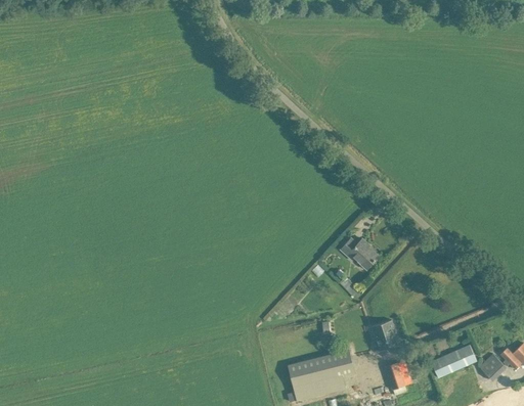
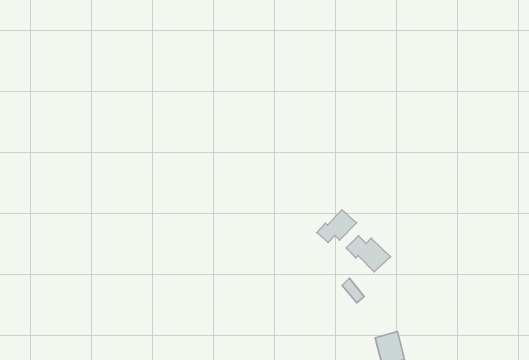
building: none -> [317,210,357,243]

